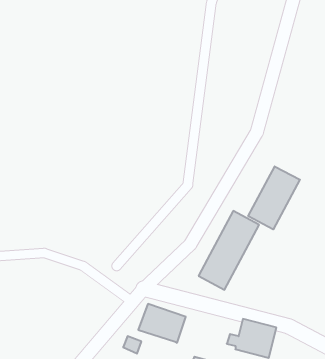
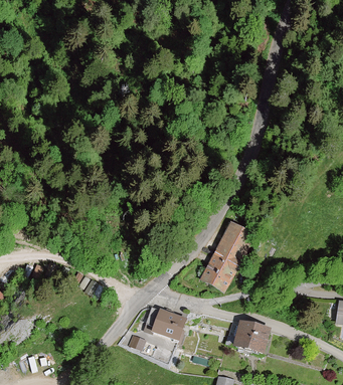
building: [248,166,300,229] -> none

